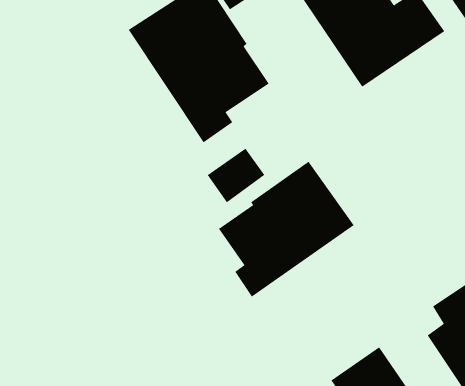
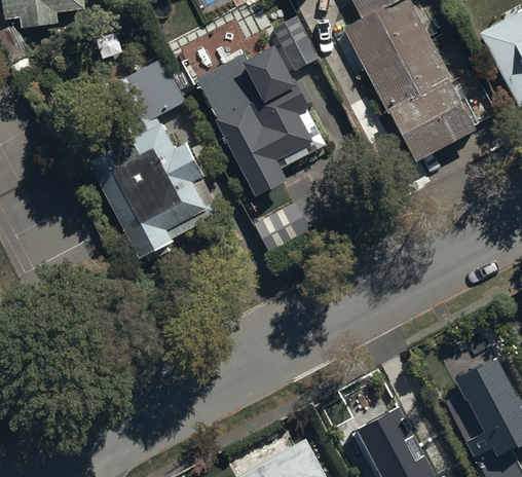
building: none -> [88,60,221,260]
building: [218,161,355,297] -> none

